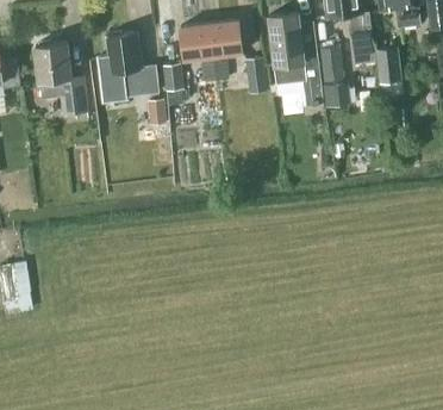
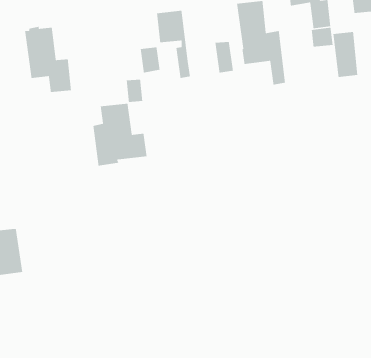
building: [208,18,242,79] -> none
building: [98,31,158,101] -> [92,103,147,167]
building: [319,45,348,110] -> none

